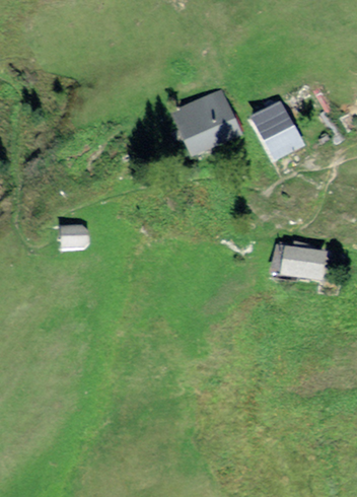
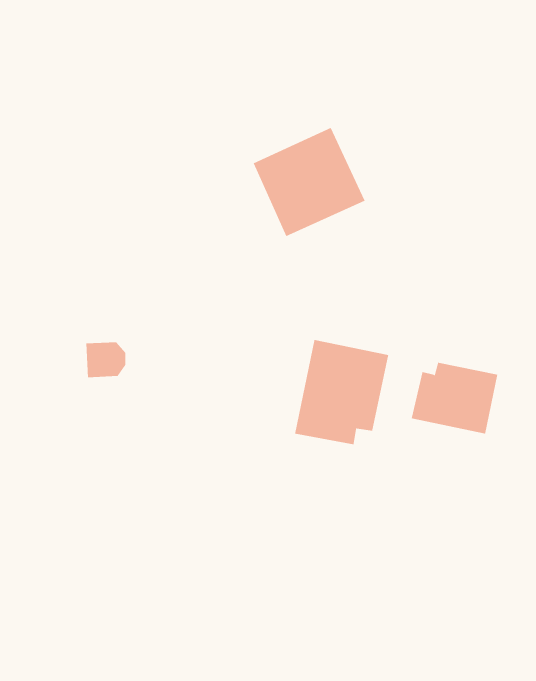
building: [249,100,305,162] -> none
building: none -> [295,339,389,445]

